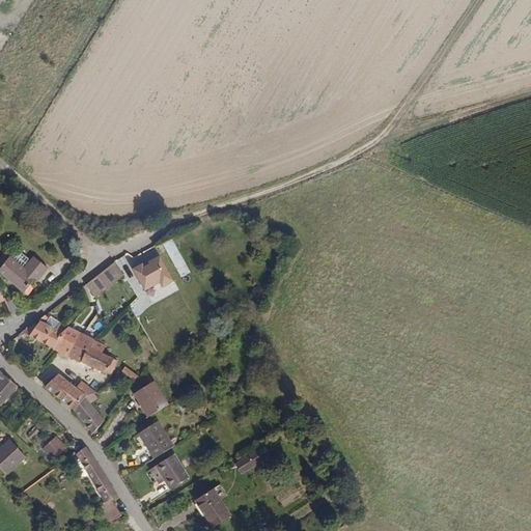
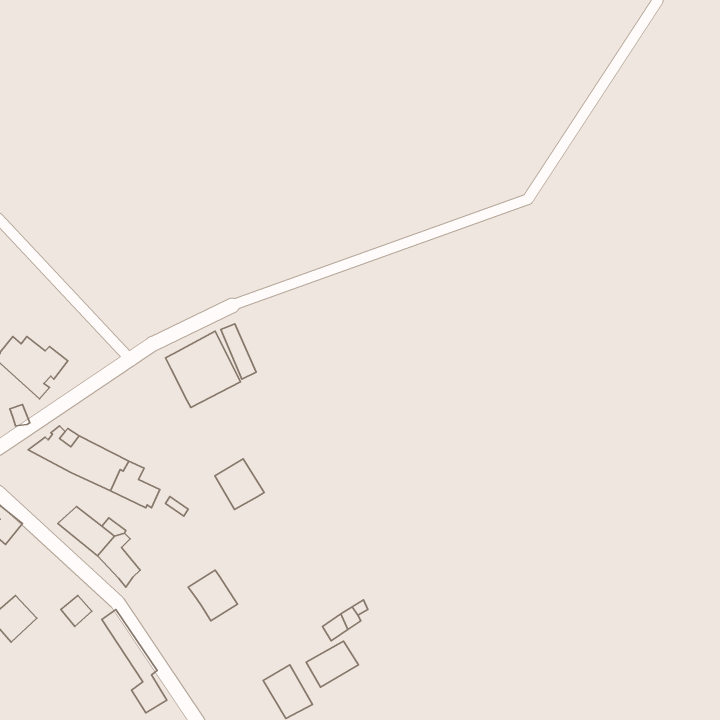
building: [84,260,123,297] -> none
building: [132,380,168,417] -> [215,459,264,510]
building: [156,453,190,488] -> none
building: none -> [306,641,359,687]

